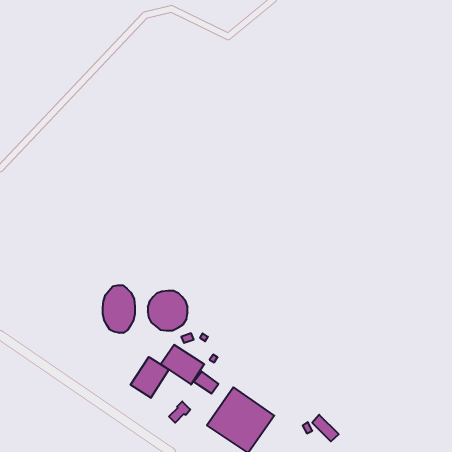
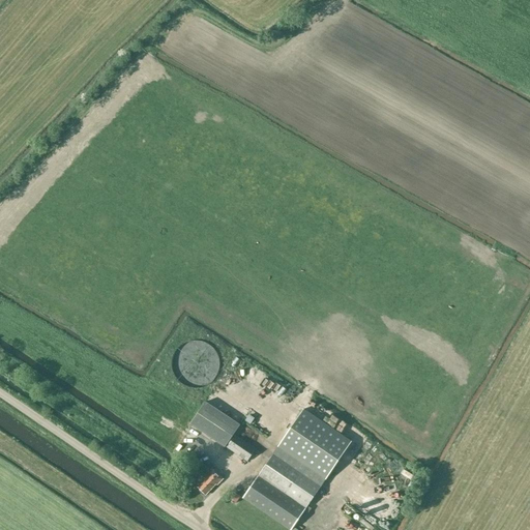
building: [103,285,135,333] -> none
building: none -> [277,409,351,479]
building: [131,357,169,398] -> none

